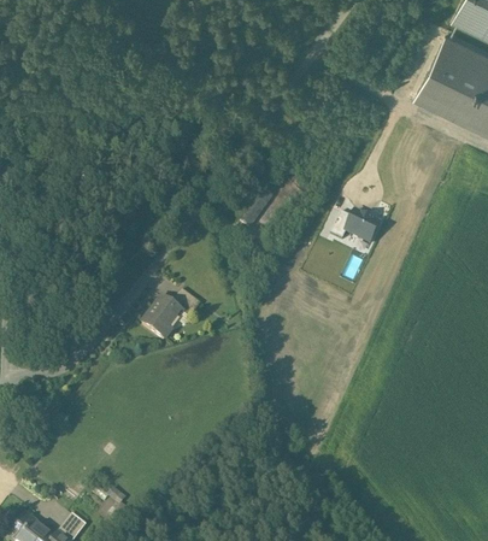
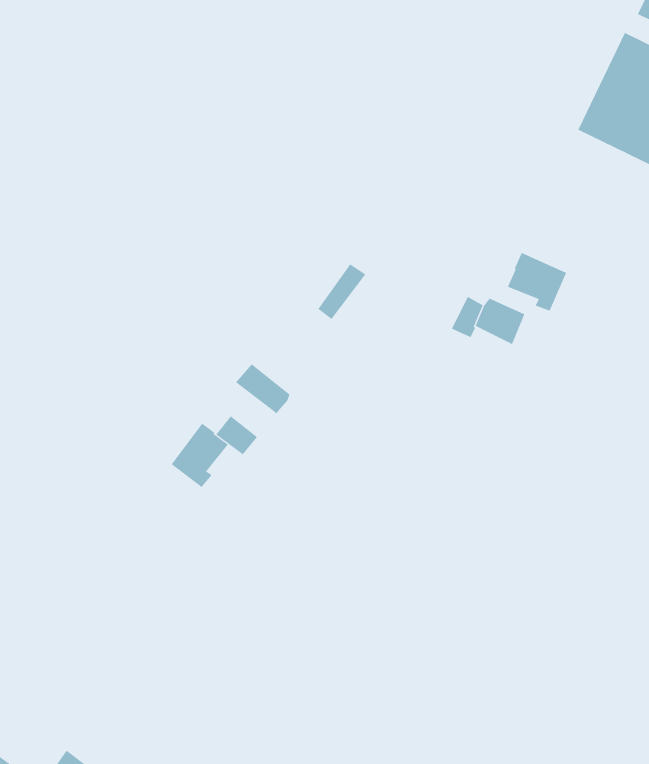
building: none -> [507,252,567,311]
building: none -> [235,364,290,414]

